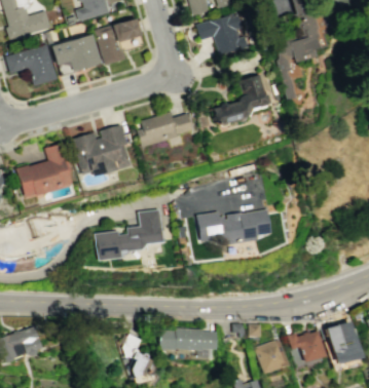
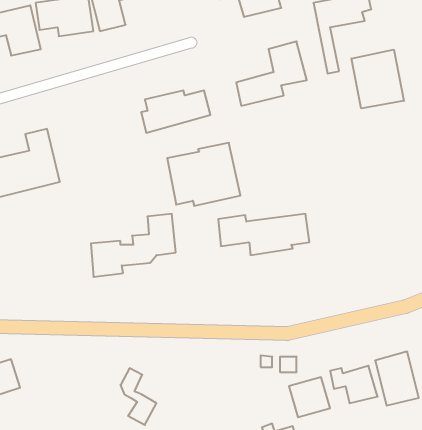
building: none -> [352,50,404,108]
building: [72,125,131,176] -> [167,143,240,206]
building: [159,328,216,352] -> none

